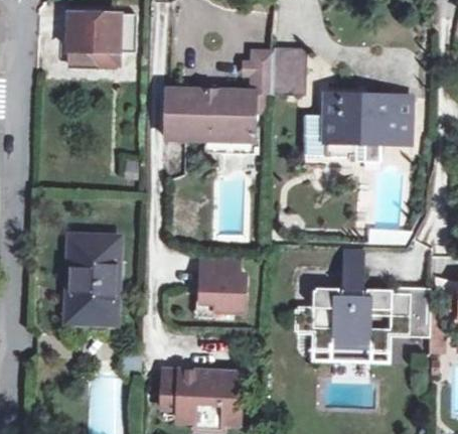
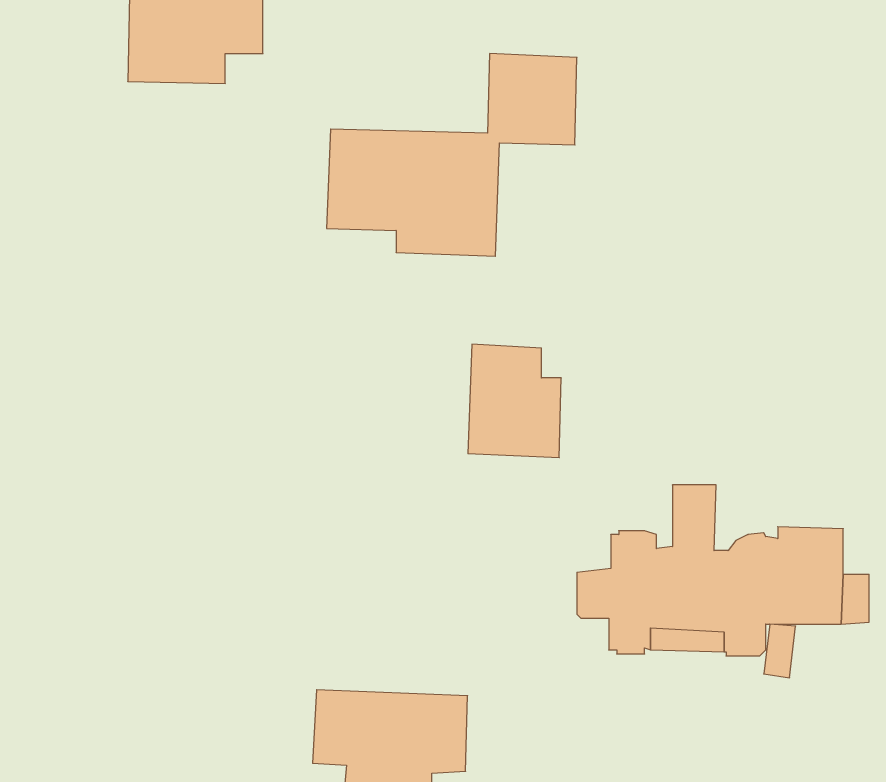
building: [298,97,411,167] -> none
building: [66,230,117,320] -> none
building: [199,254,247,311] -> [468,344,561,458]

